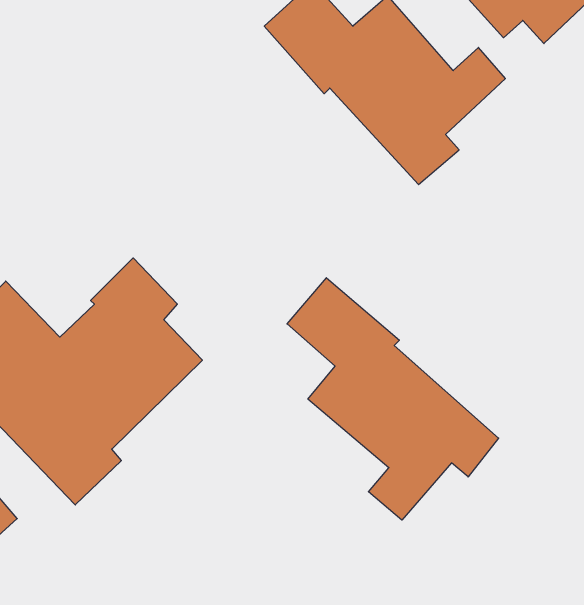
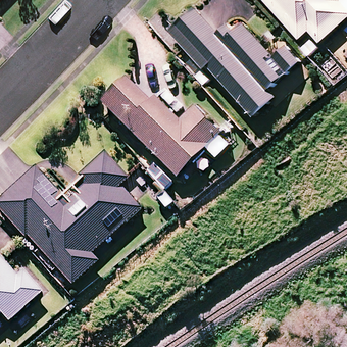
building: none -> [100,73,229,176]
building: [287,278,499,520] -> none

